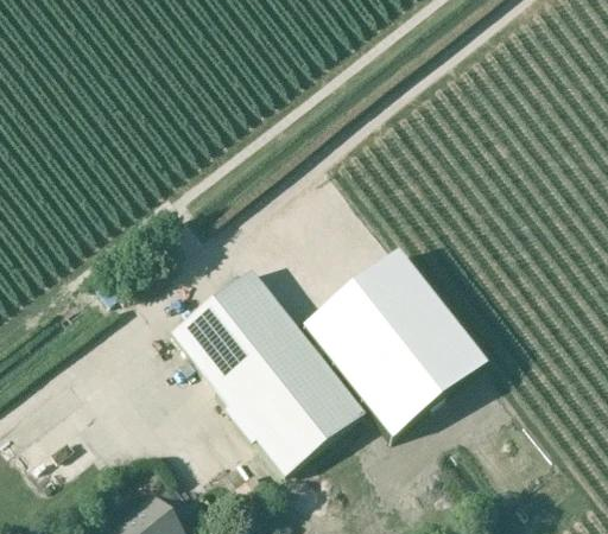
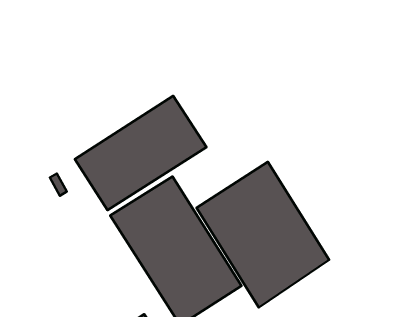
building: none -> [75,96,206,210]

